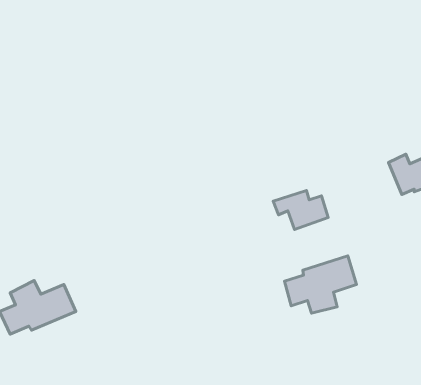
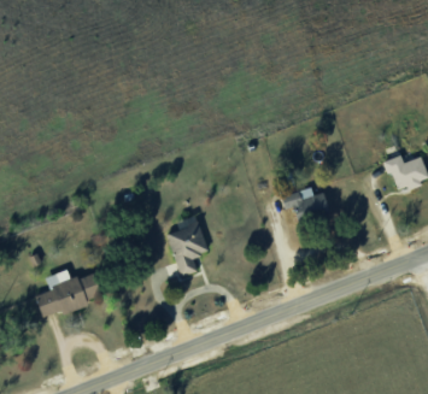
building: none -> [165,214,209,277]
building: [284,256,356,313] -> none

